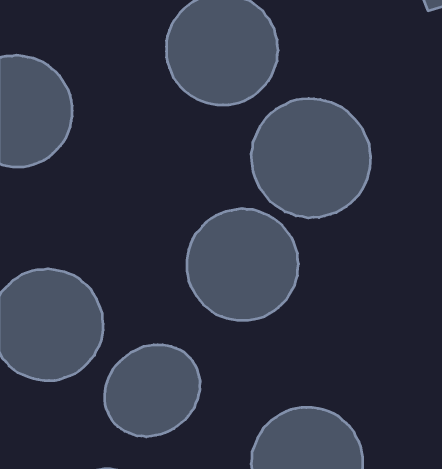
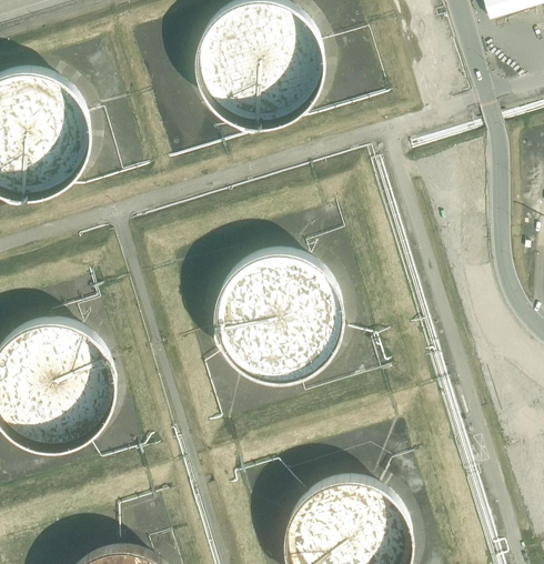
building: [251,98,370,218] -> none
building: [105,345,200,437] -> none

